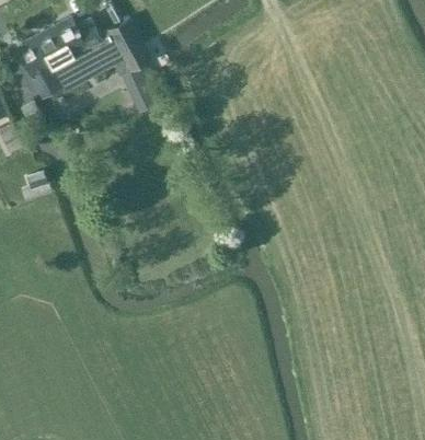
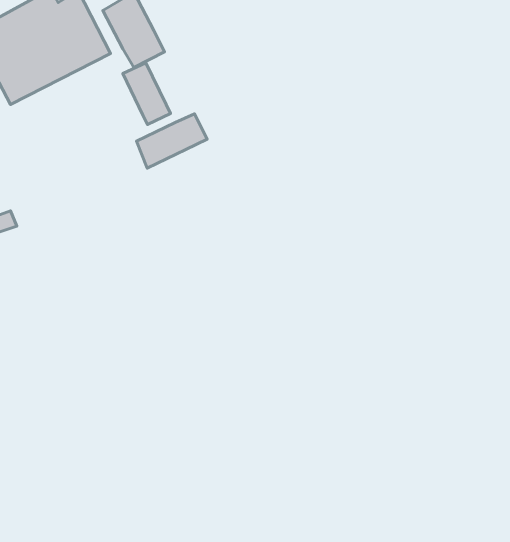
building: none -> [136,114,207,168]

